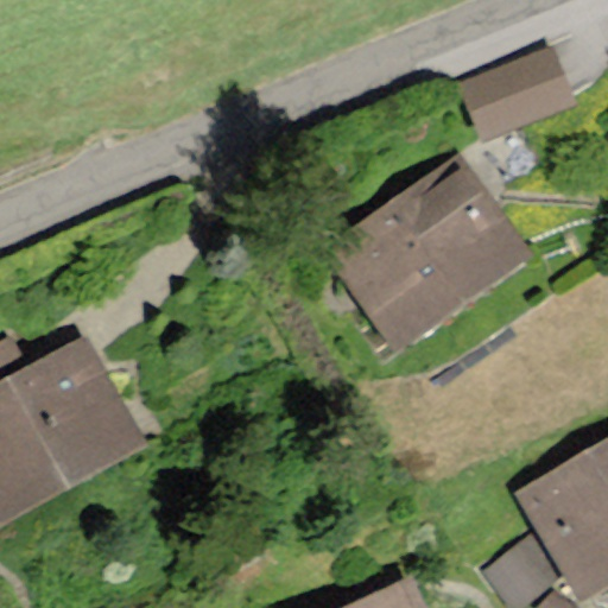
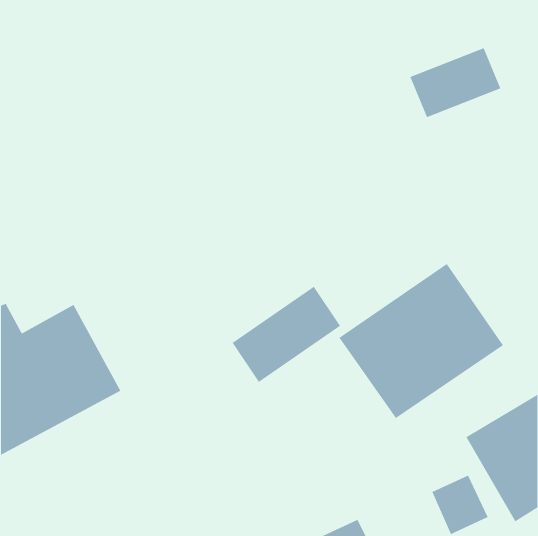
building: [335,166,521,342] -> [339,263,504,419]
building: none -> [232,286,341,383]

